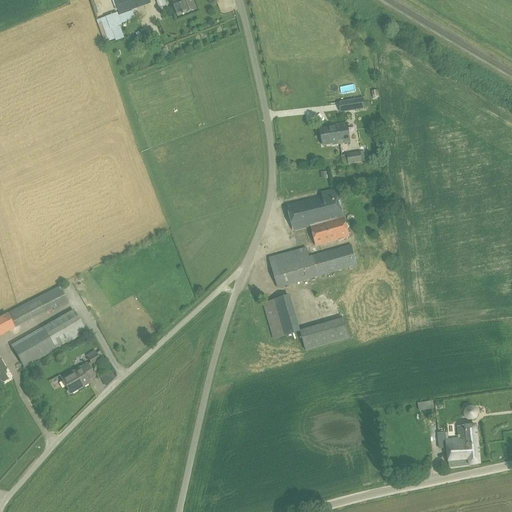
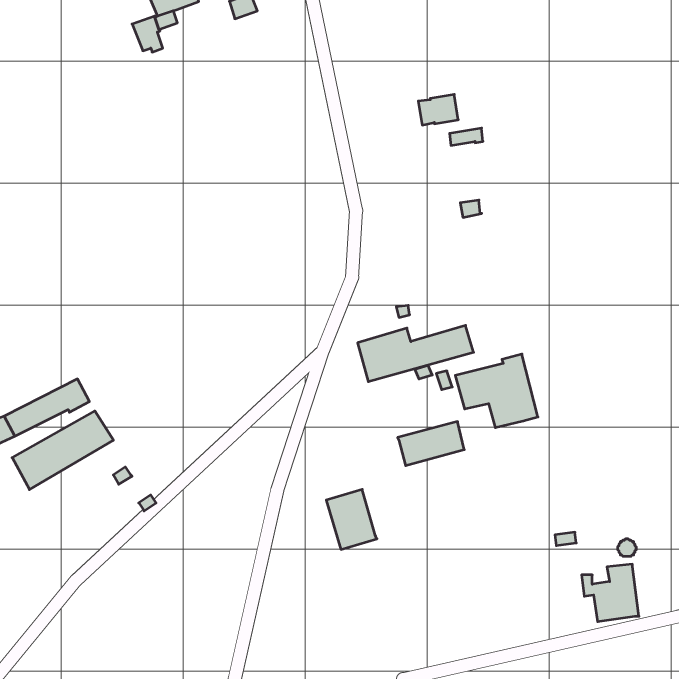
building: [319,121,349,144] -> [418,94,458,125]
building: [285,188,347,243] -> [455,354,538,428]
building: [261,293,299,338] -> [326,489,377,549]
building: [59,361,93,391] -> none

